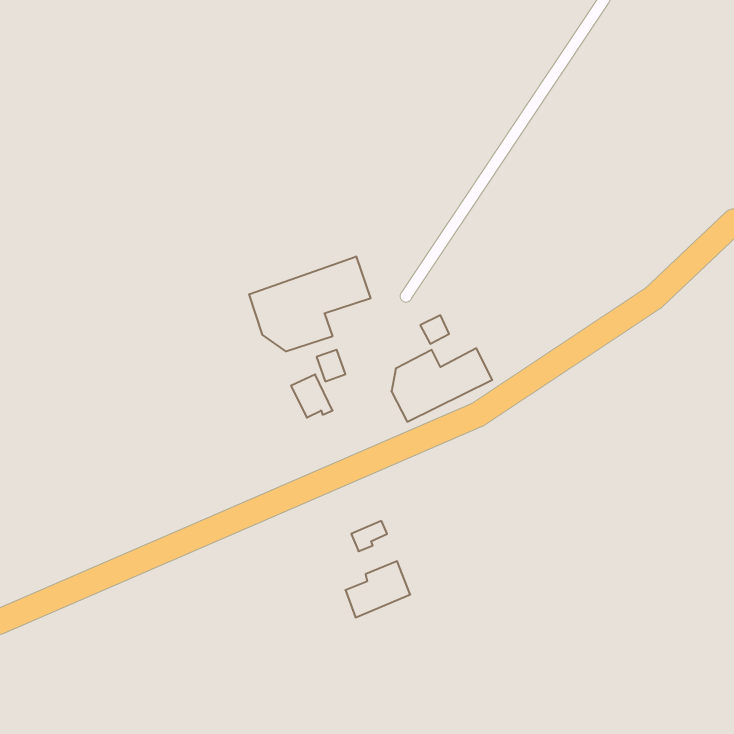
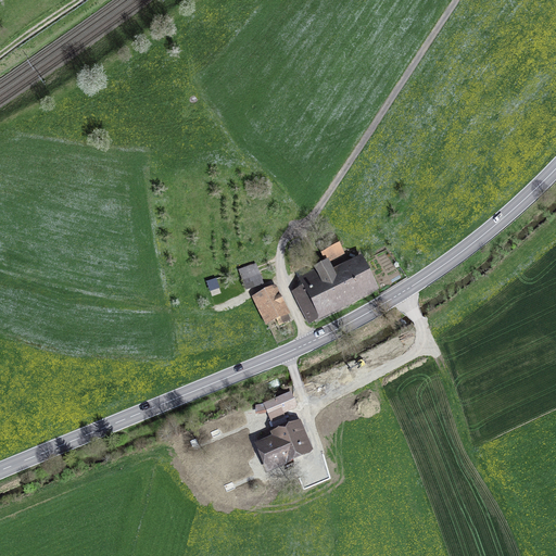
building: [249,256,371,351] -> none
building: [291,374,333,418] -> [255,289,287,321]

